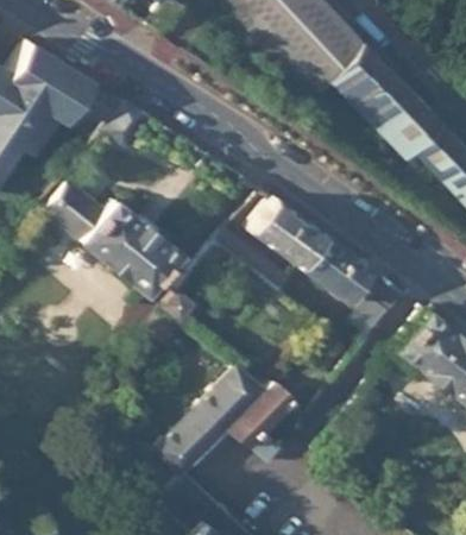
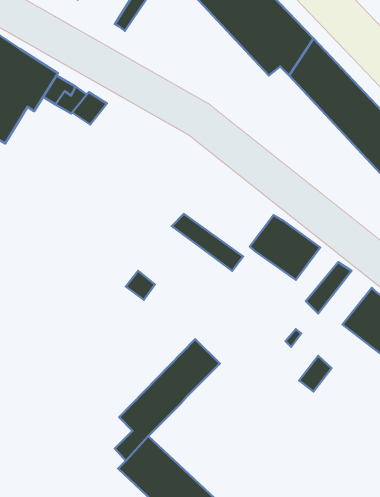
building: [55,195,180,292] -> none
building: [248,197,323,266] -> none
building: [232,382,294,445] -> none

